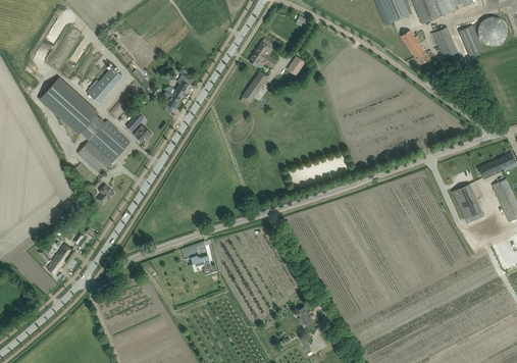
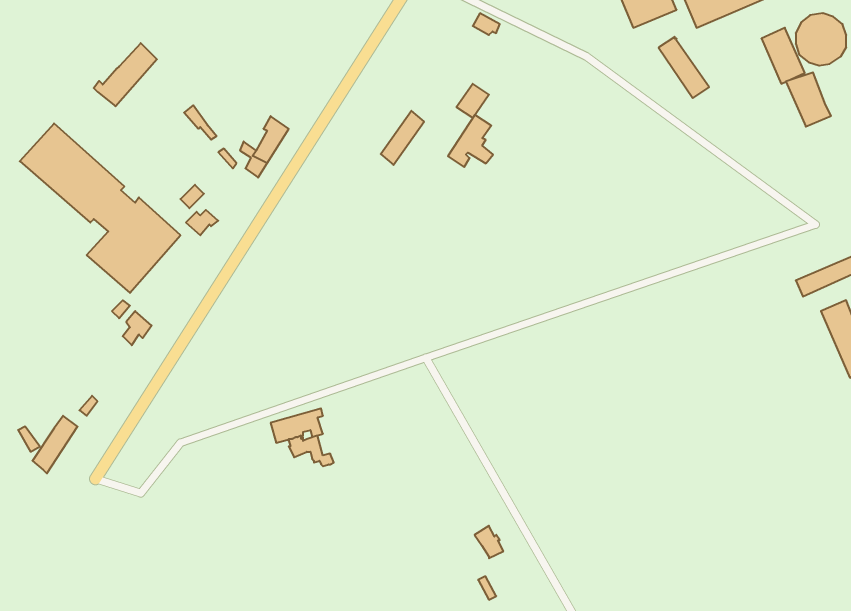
building: [432,28,458,58] -> [786,72,831,127]
building: [249,38,274,67] -> [448,115,493,167]
building: [86,66,121,102] -> [94,43,157,106]
building: [453,184,482,219] -> none

